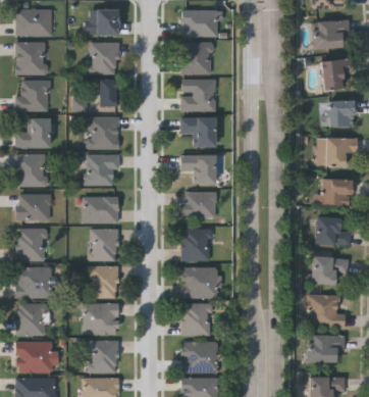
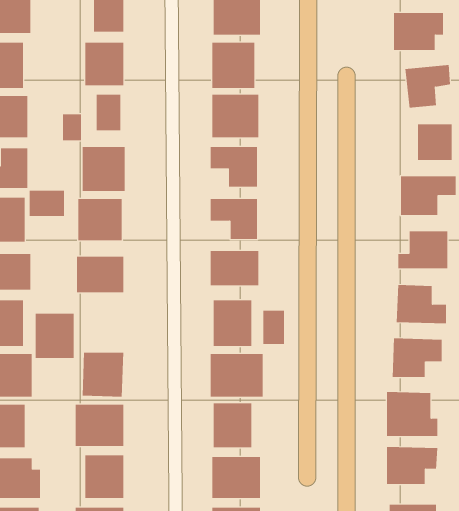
building: none -> [29,190,64,217]
building: [90,228,118,260] -> [35,313,74,358]
building: none -> [263,310,285,345]

